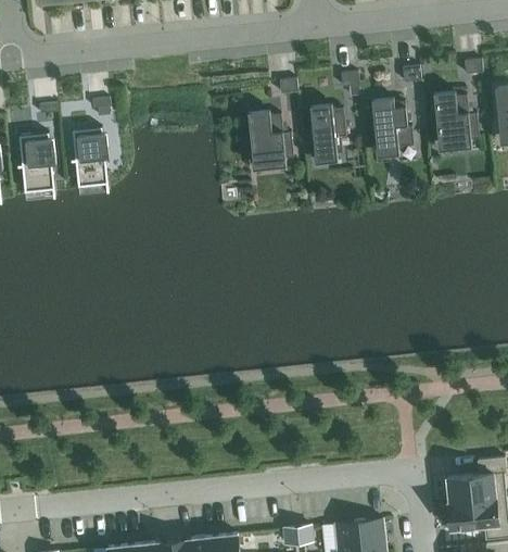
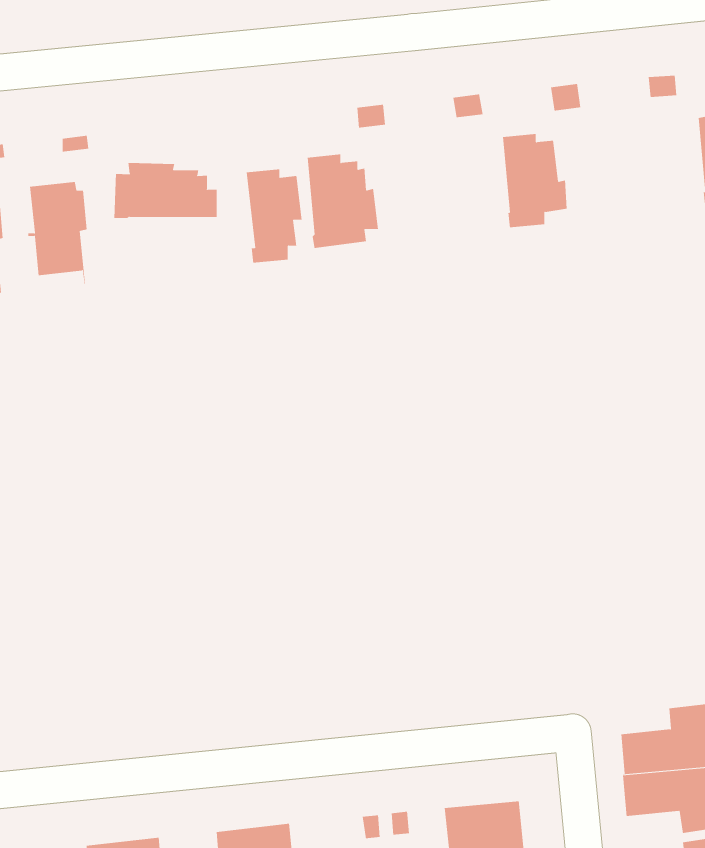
building: [433,92,479,151] -> none
building: [309,104,345,164] -> [246,169,302,263]
building: none -> [114,162,217,219]

